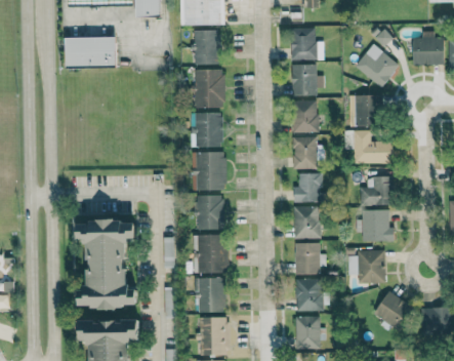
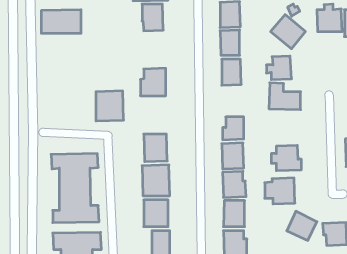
building: [195,69,224,108] -> none
building: [293,136,318,169] -> none
building: [192,152,226,190] -> [96,91,124,121]
building: [360,176,391,206] -> none

